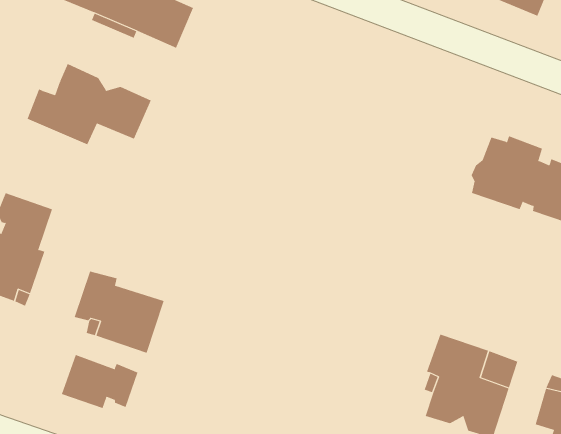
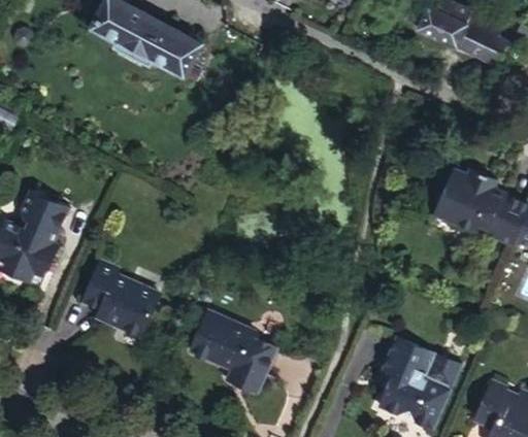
building: [27,63,152,145] -> none
building: none -> [189,310,273,391]
building: [61,354,138,409] -> none

